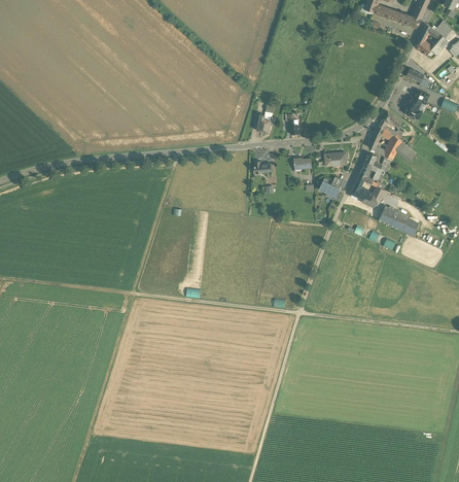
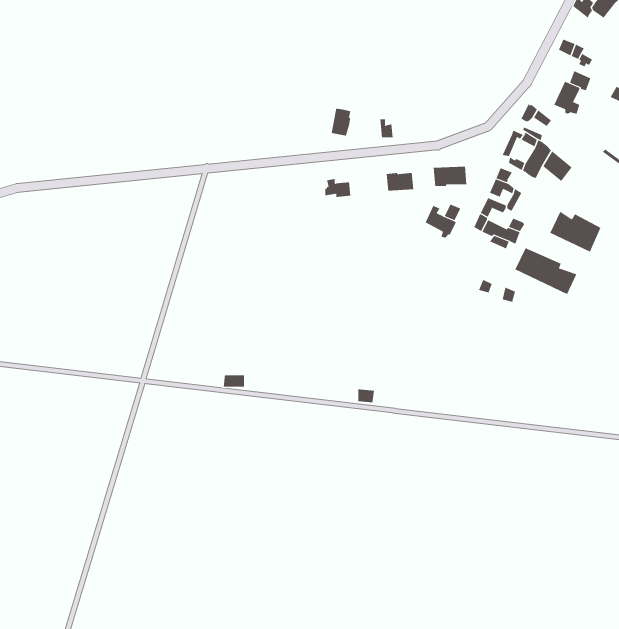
building: none -> [549,211,601,252]

